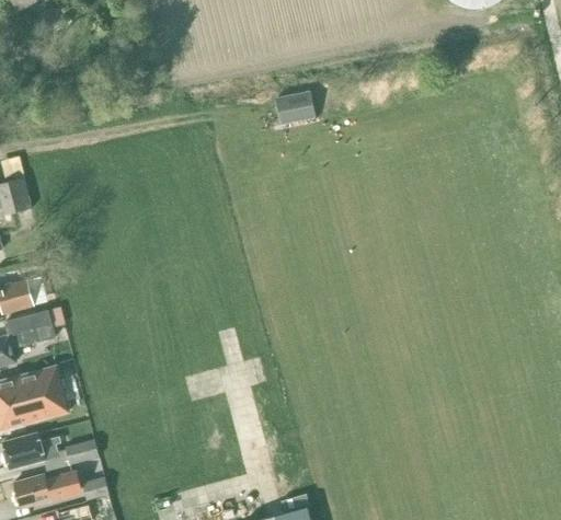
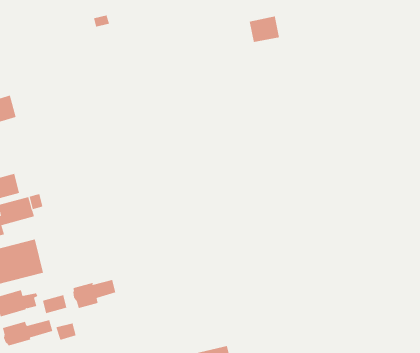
building: [275,90,316,125] -> [249,16,280,42]
building: none -> [73,279,116,309]

